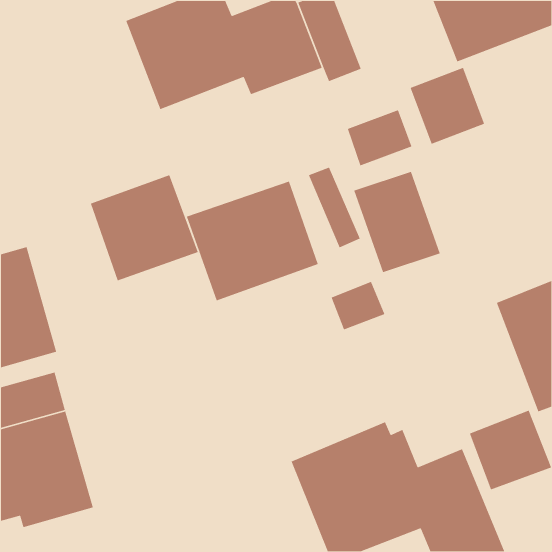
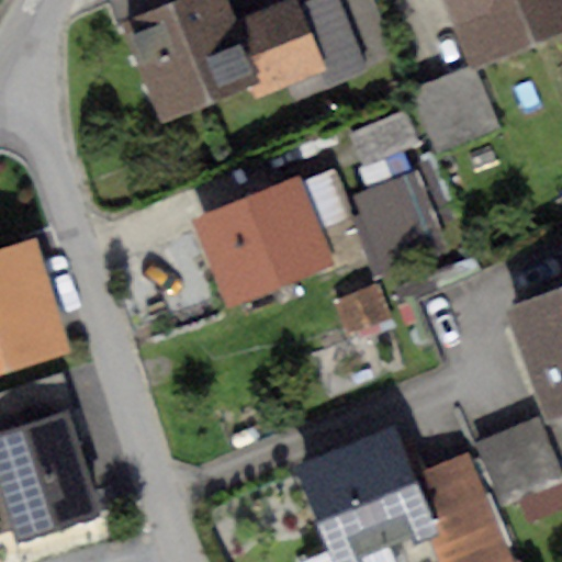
building: [90,174,199,282] -> none

